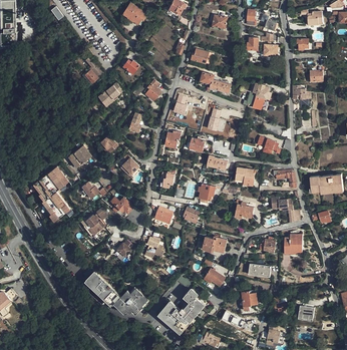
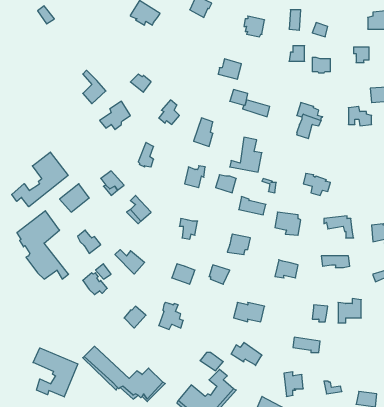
building: none -> [12,152,68,207]
building: none -> [33,348,78,397]

